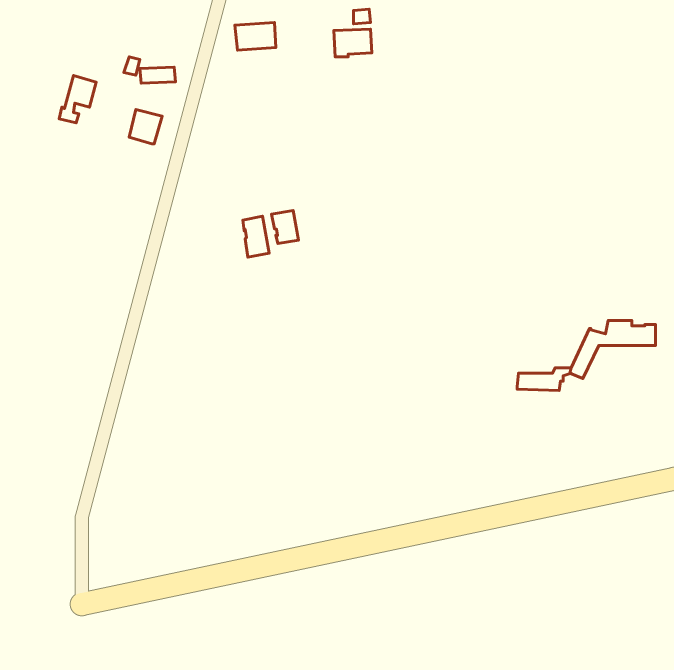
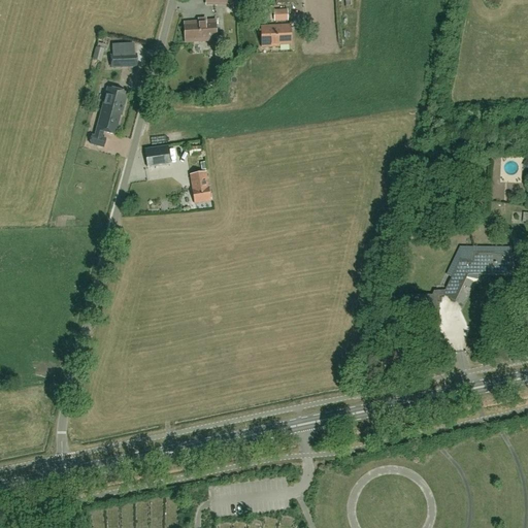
building: [59,75,96,123] -> [90,107,119,144]
building: none -> [144,143,170,165]
building: [271,210,298,243] -> none

